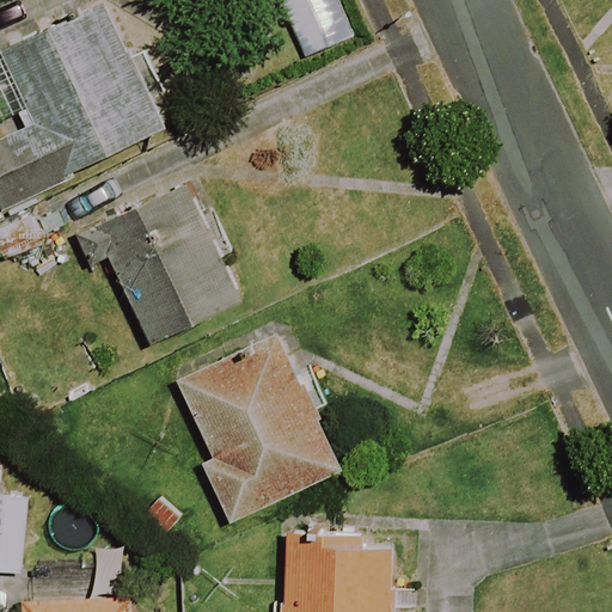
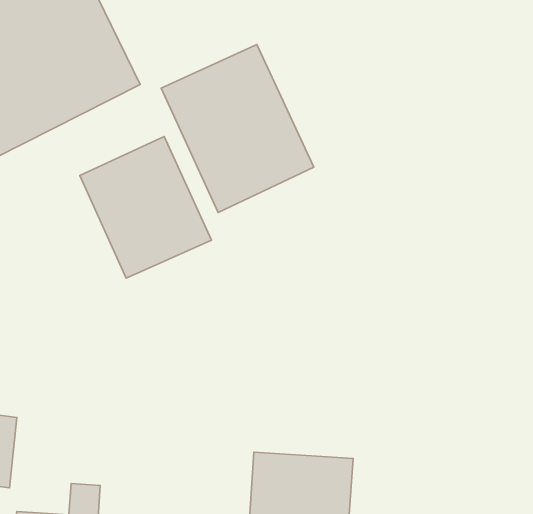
building: none -> [161,44,314,213]
building: [176,333,341,522] -> none

